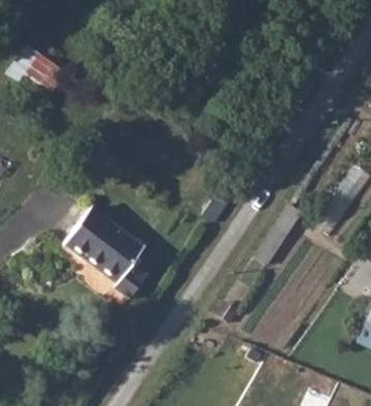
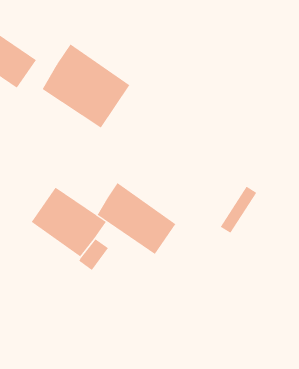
building: none -> [42,43,130,129]
building: none -> [97,182,176,255]

